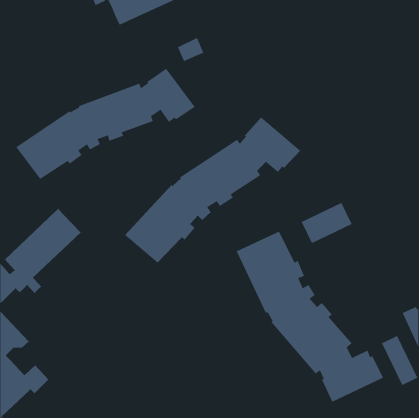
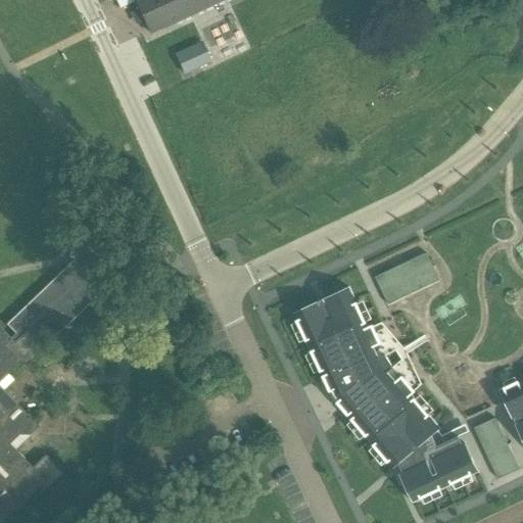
building: [177,37,204,62] -> [175,41,208,72]
building: [15,68,195,180] -> none
building: [124,117,301,264] -> none

